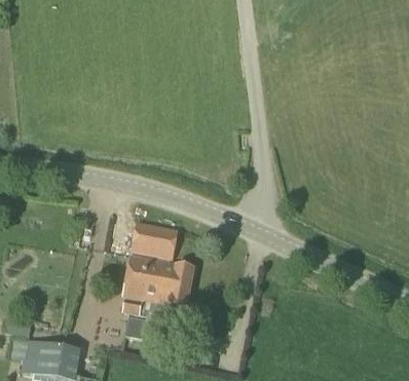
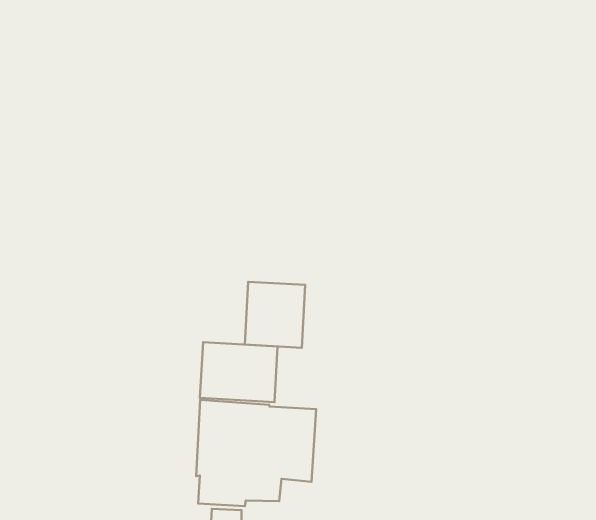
building: none -> [245,282,305,348]

